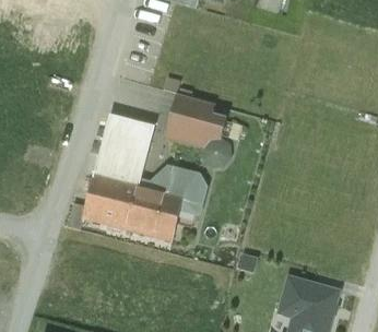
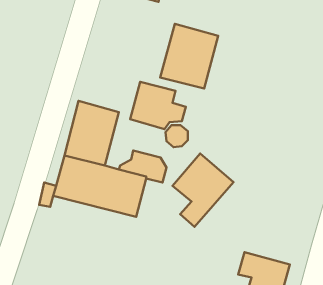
building: none -> [160,24,218,89]
building: none -> [173,154,233,227]

